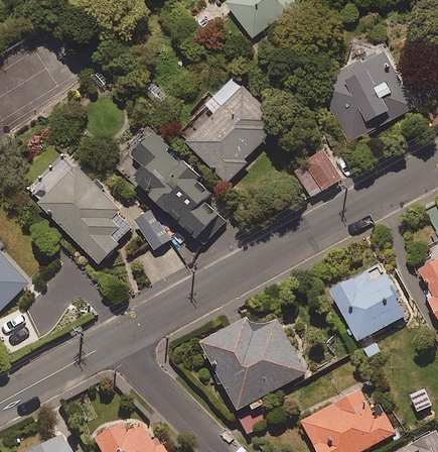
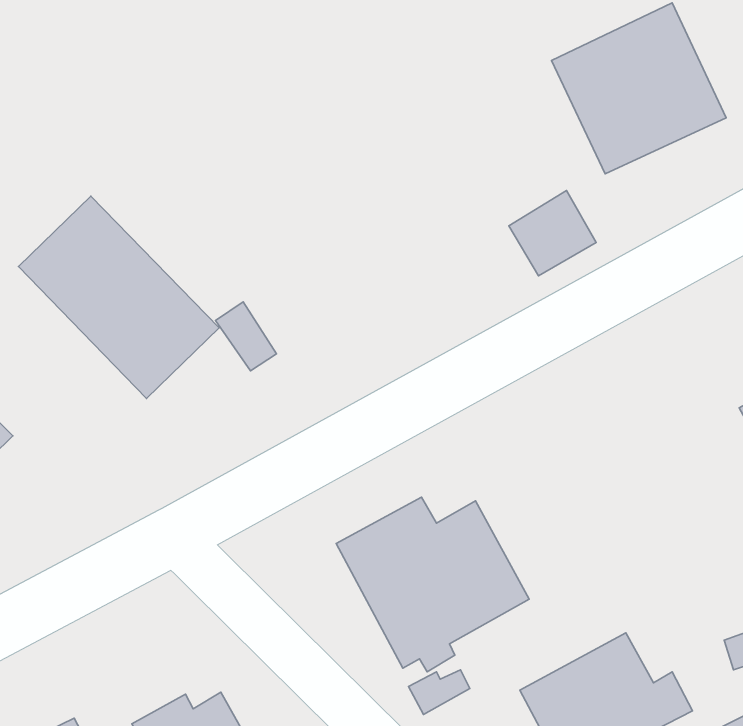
building: [180,76,285,182] -> none
building: [131,131,217,238] -> none
building: [330,267,405,340] -> none

